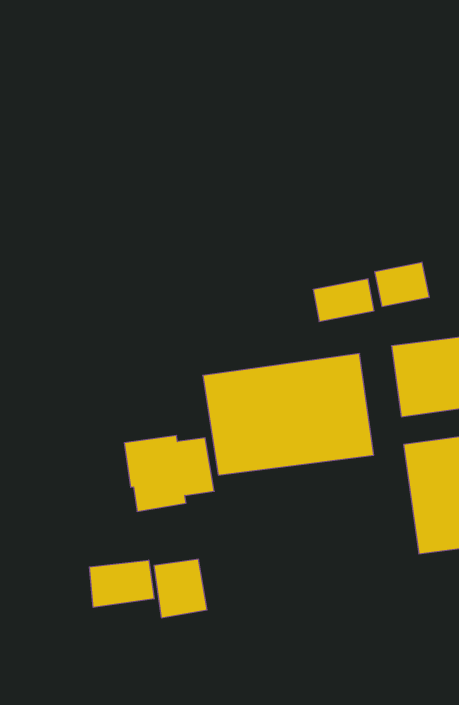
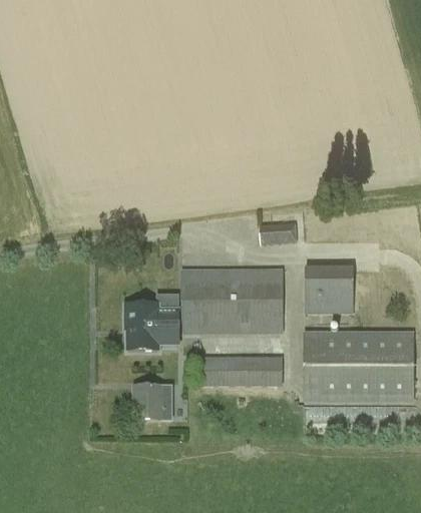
building: [375,262,429,307] -> none
building: none -> [200,356,283,386]
building: [89,560,154,607] -> none

